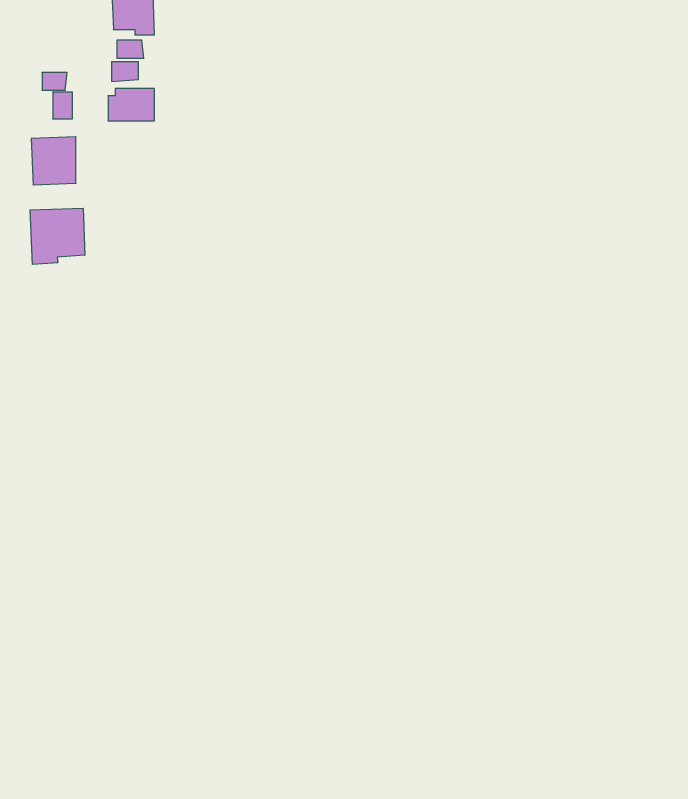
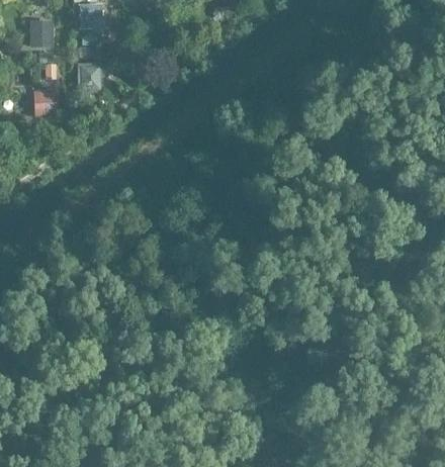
building: none -> [29,20,53,48]
building: [30,208,85,264] -> none

